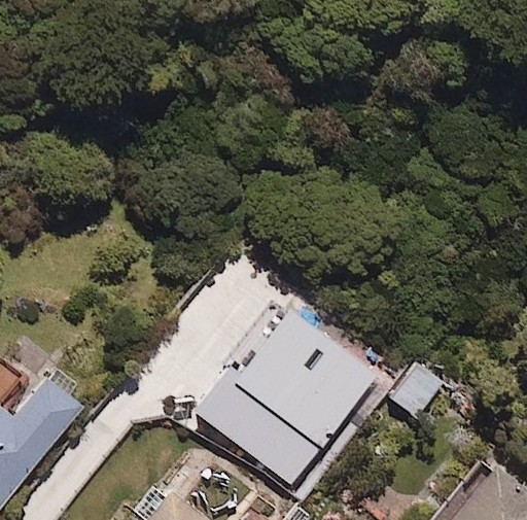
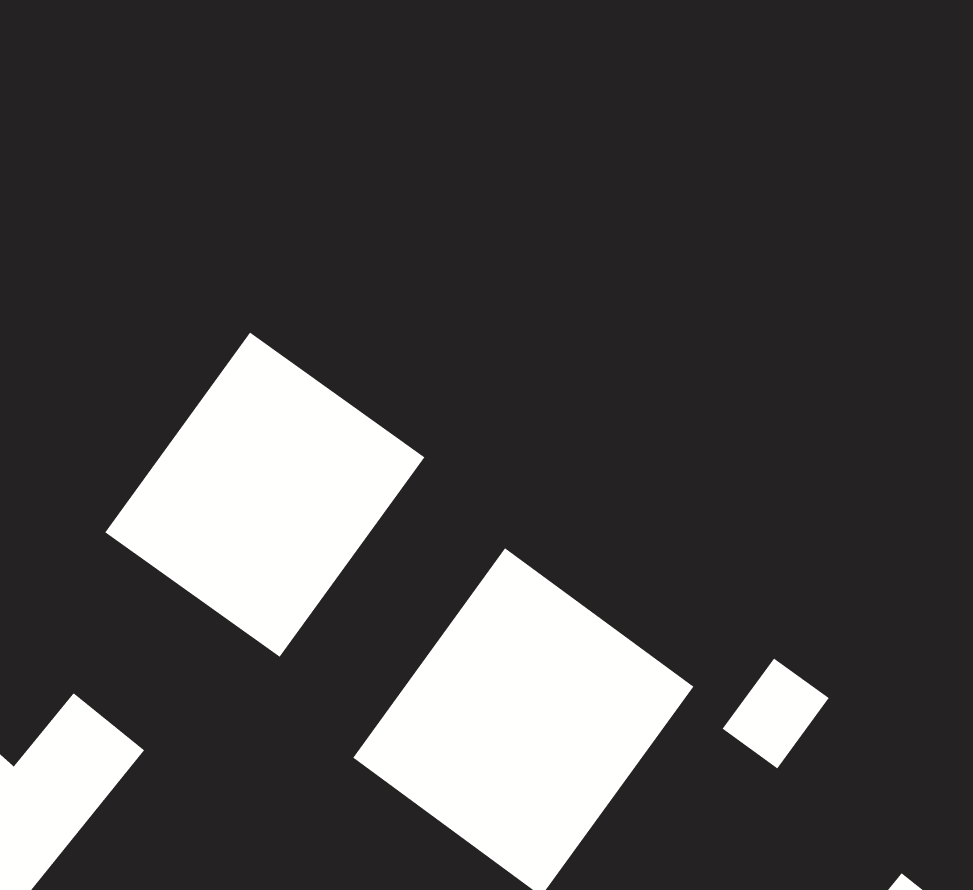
building: none -> [104,331,426,658]

